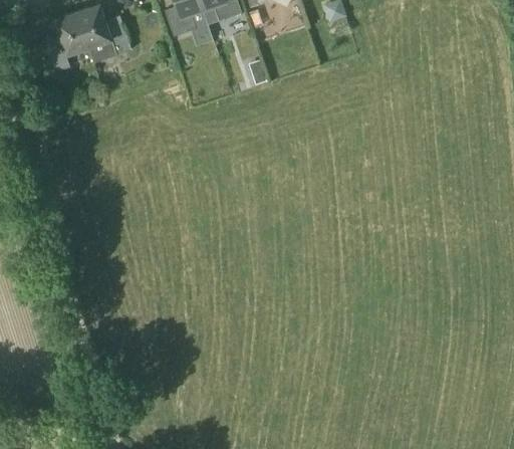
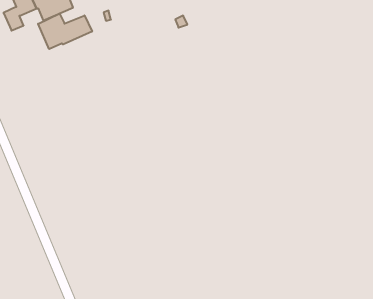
building: none -> [38,13,92,49]

